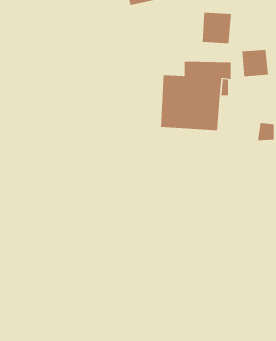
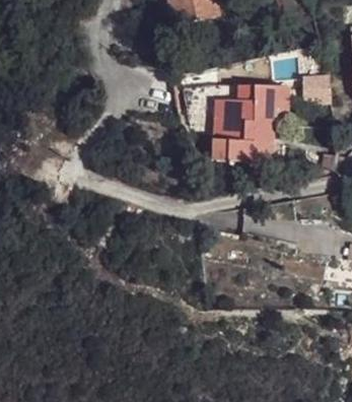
building: [202,12,232,44] -> none

